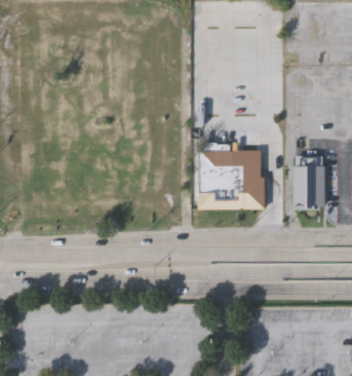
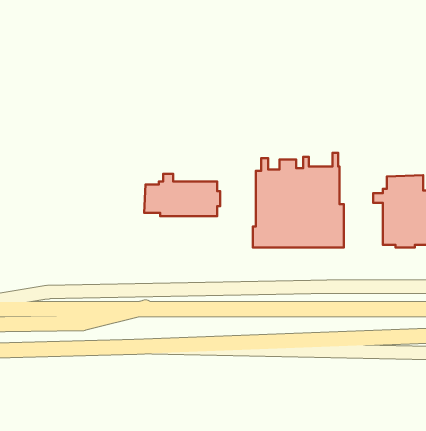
building: none -> [144,174,220,216]

